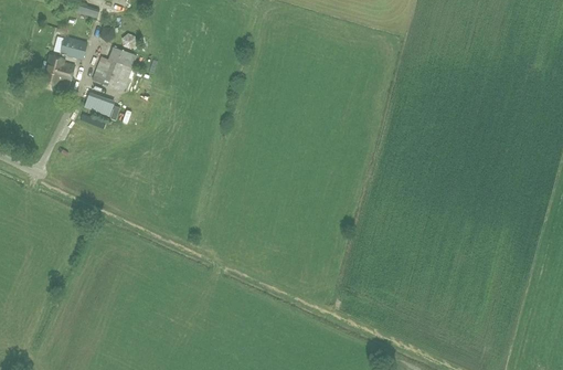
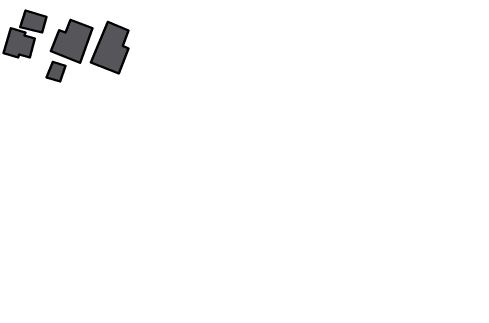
building: none -> [91,22,128,73]

